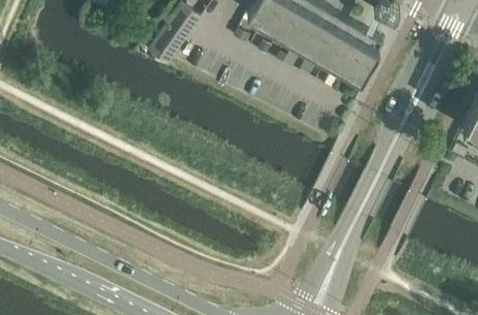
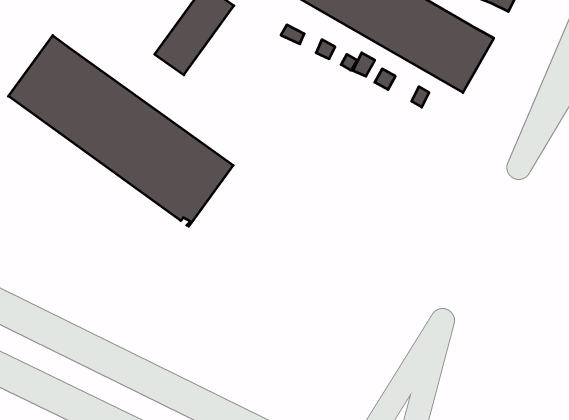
building: none -> [8,35,233,226]

